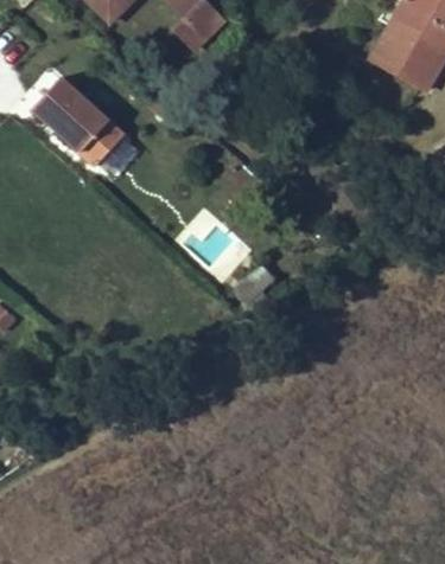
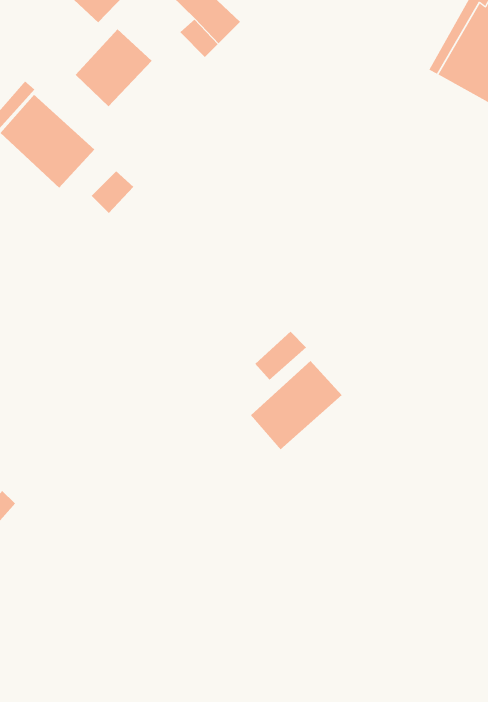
building: none -> [75,29,153,107]
building: none -> [250,360,343,450]

